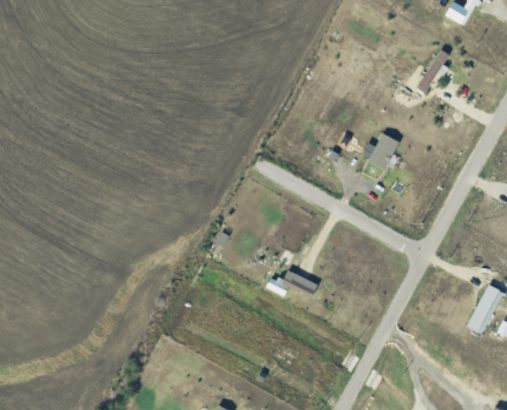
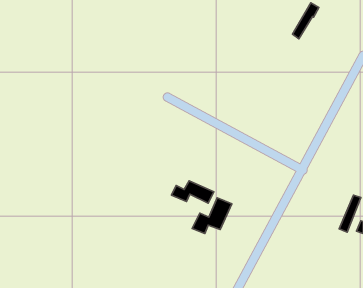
building: [361,132,399,167] -> none
building: none -> [192,198,232,234]

